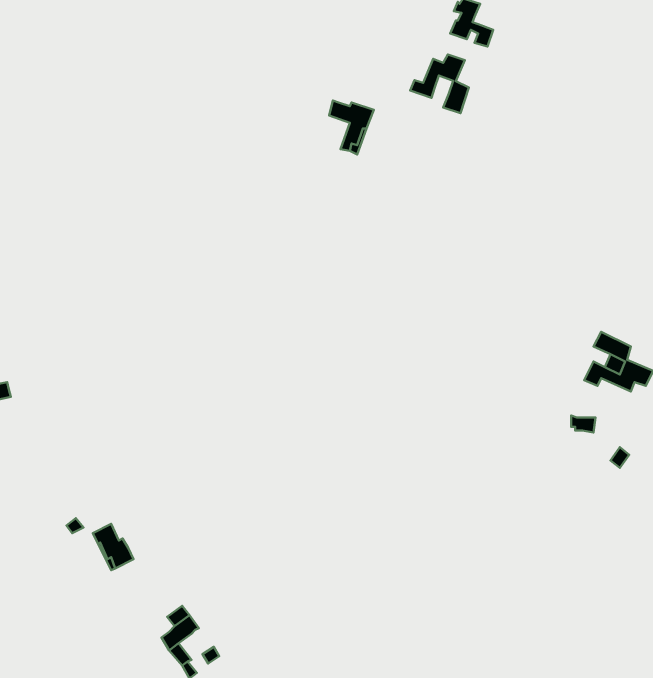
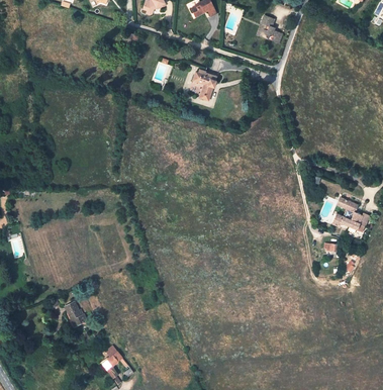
building: [410,54,469,113] -> none

